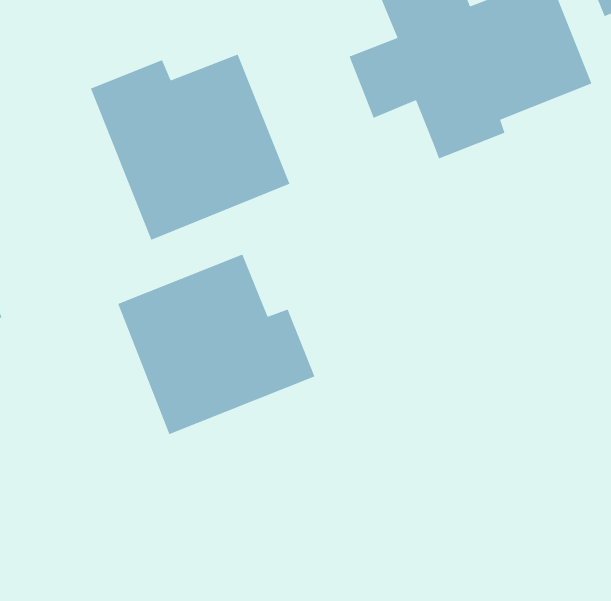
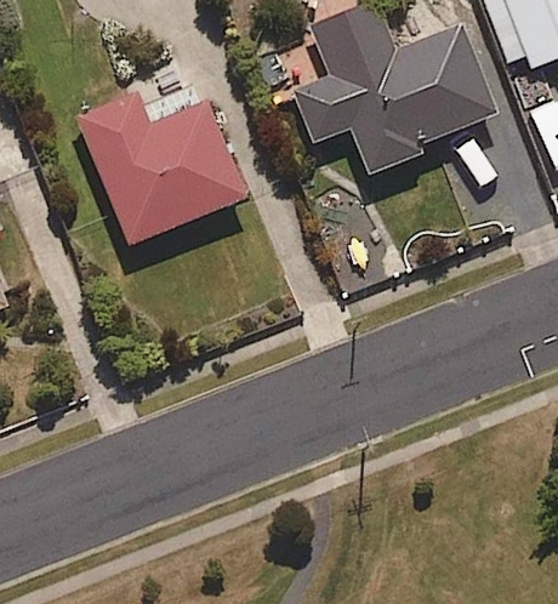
building: [117,253,316,435] -> none

